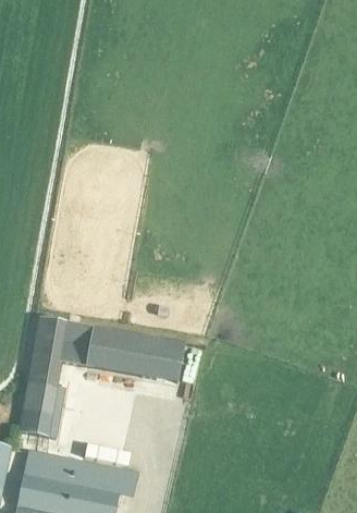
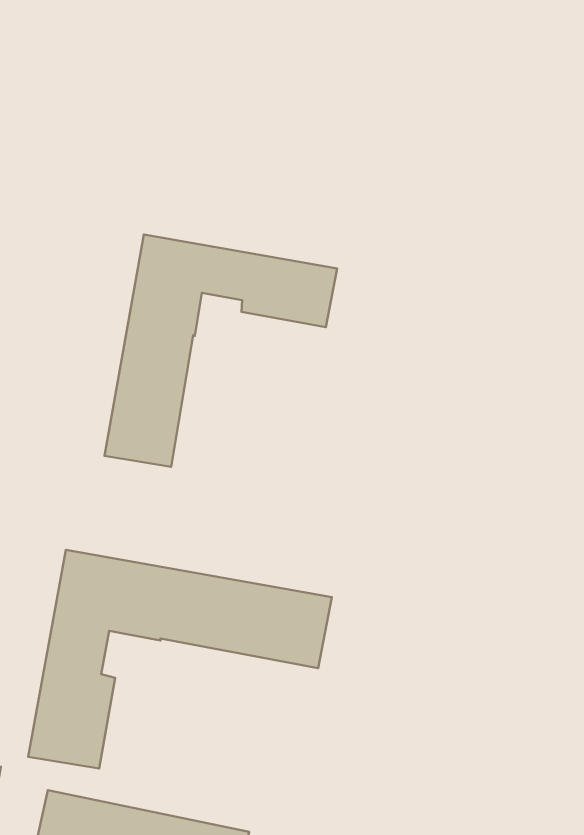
building: none -> [105,235,337,467]

